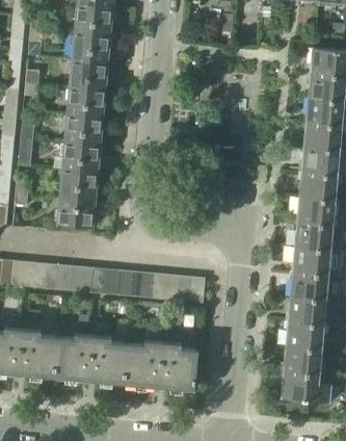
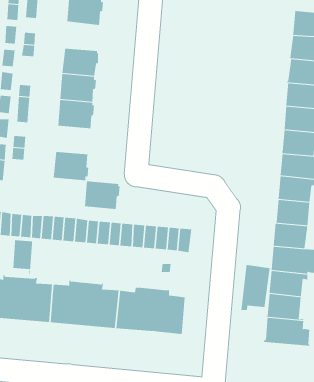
building: [71,59,110,90] -> none
building: [61,170,100,200] -> [84,181,121,209]
building: none -> [13,237,33,275]
building: none -> [241,264,271,311]

